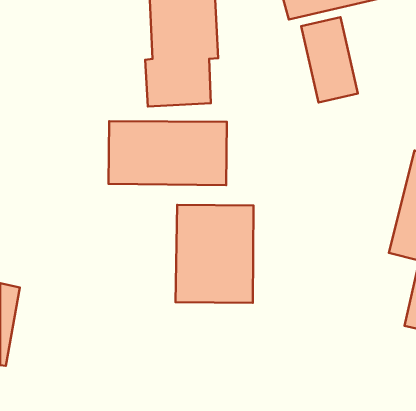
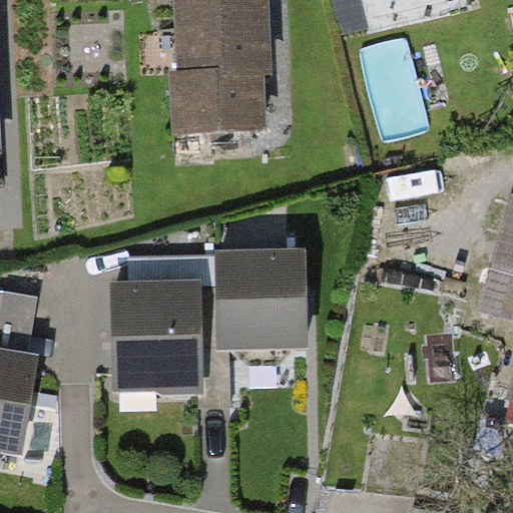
building: [108,121,227,185] -> none
building: none -> [98,267,193,387]

